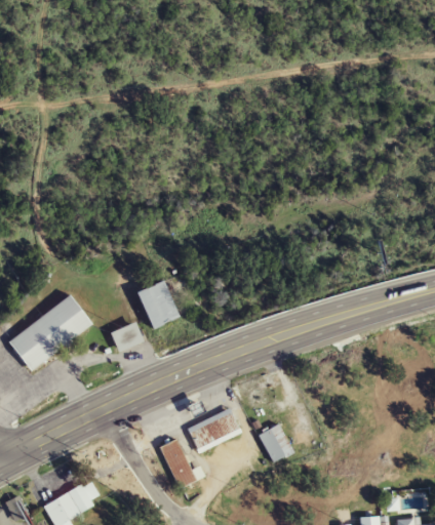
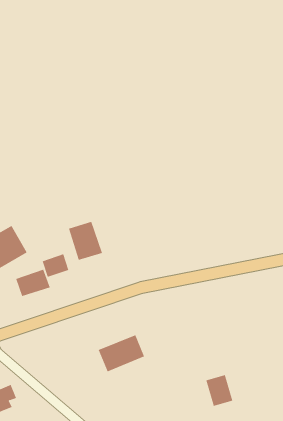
building: none -> [15,269,50,297]
building: [258,423,292,462] -> [205,374,233,407]
building: [158,438,204,488] -> none

